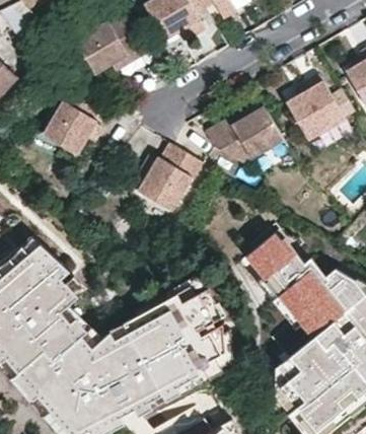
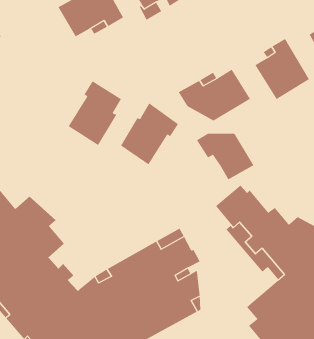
building: [44,85,102,156] -> [68,80,122,146]
building: none -> [196,133,254,180]

